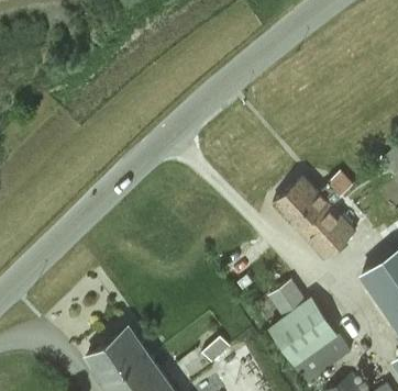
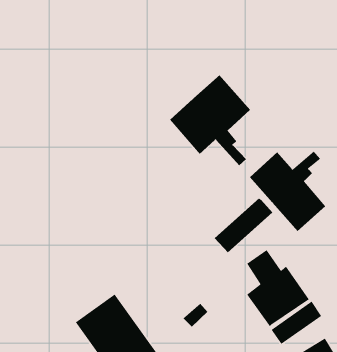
building: none -> [169,75,251,166]
building: none -> [214,198,273,253]

